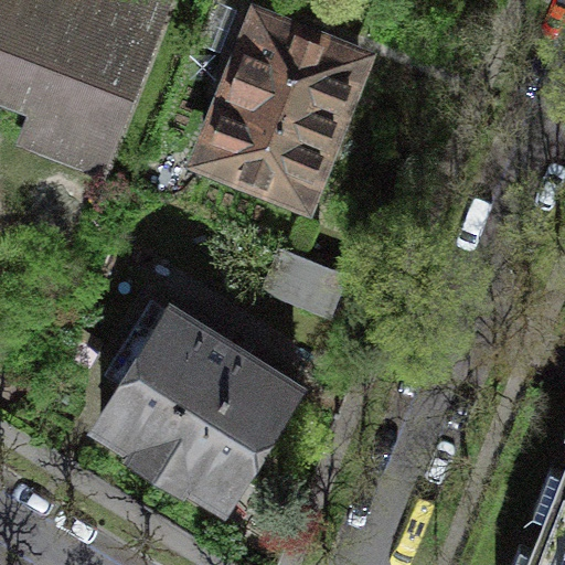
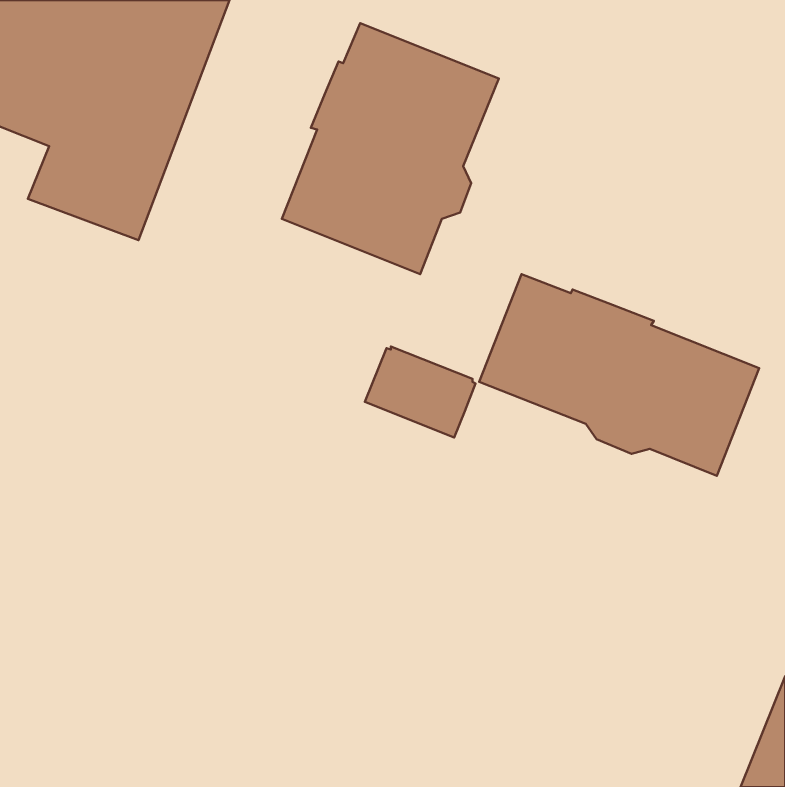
building: none -> [479,274,759,476]
building: [99,308,292,498] -> none

